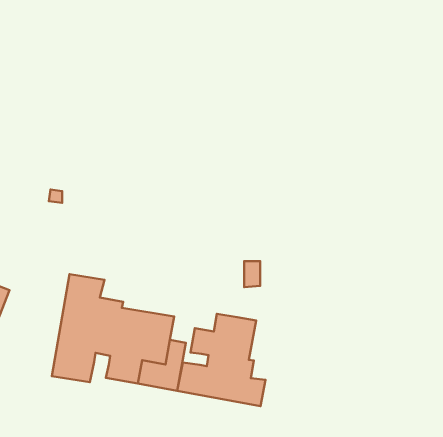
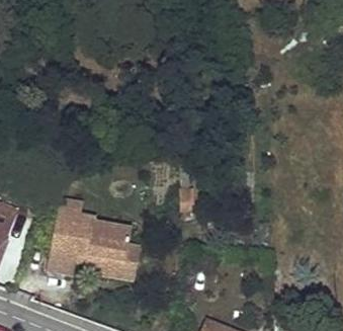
building: [177,314,266,406] -> none

